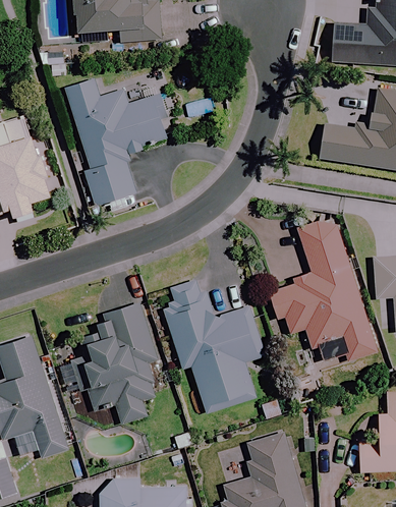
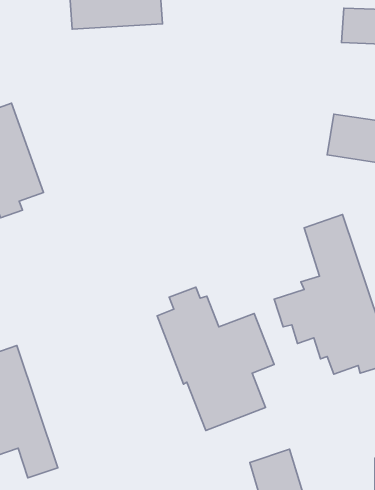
building: [62,78,171,204] -> none
building: [57,302,162,425] -> none

